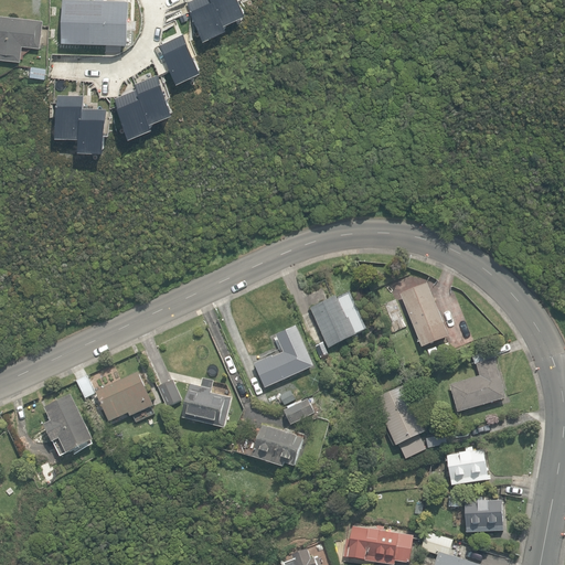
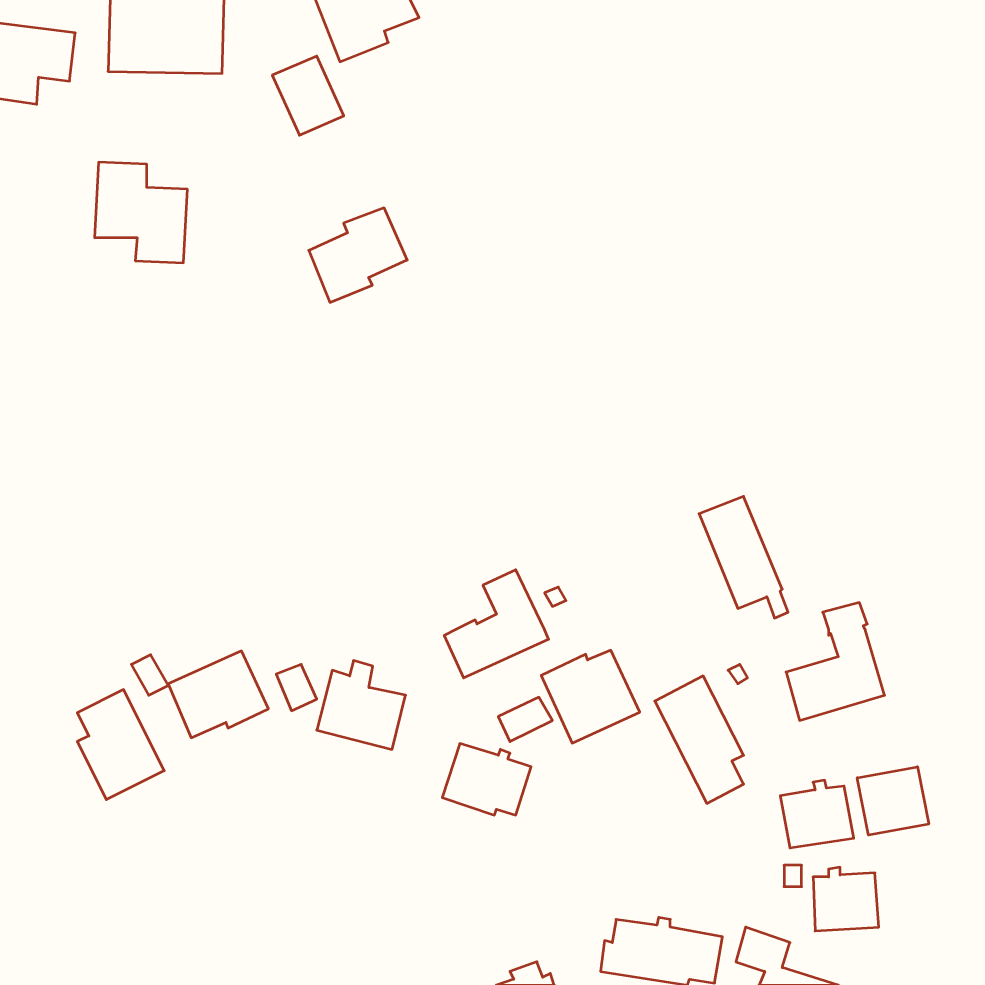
building: [118,82,174,136] -> [309,208,407,302]
building: [310,295,366,348] -> [541,650,640,743]
building: none -> [857,767,929,835]

